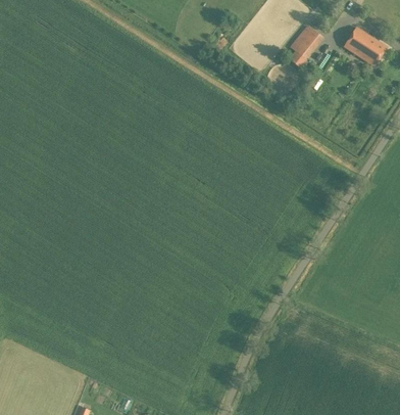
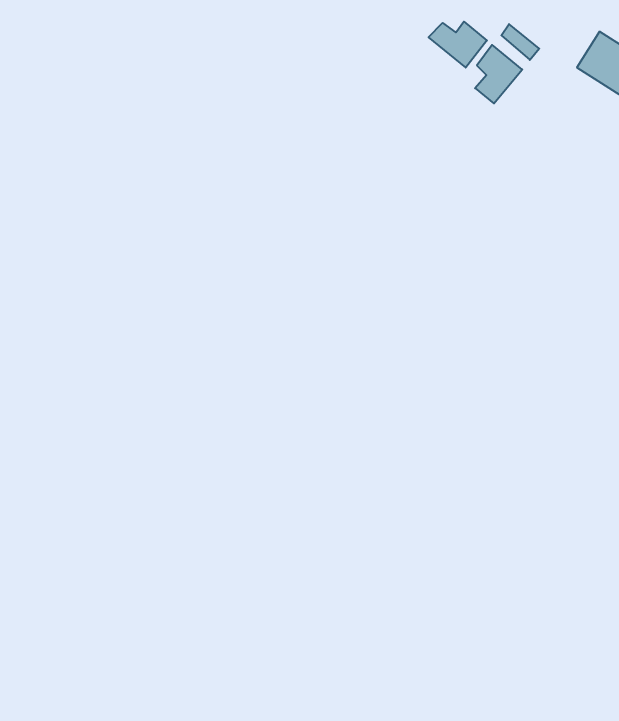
building: none -> [429,22,487,68]

